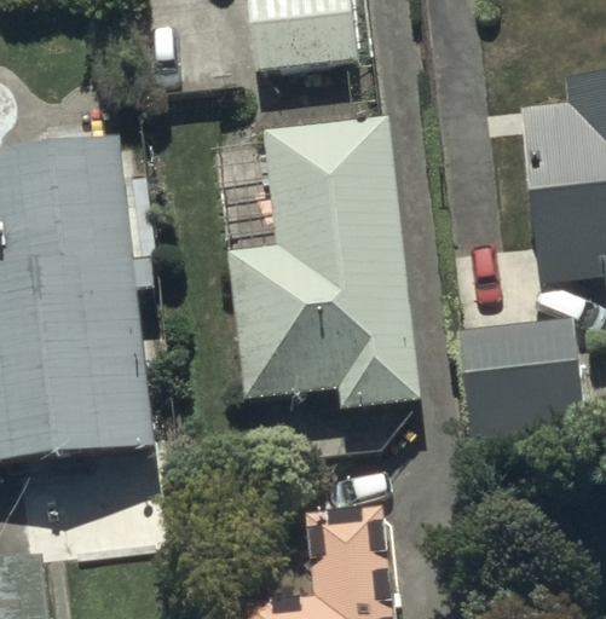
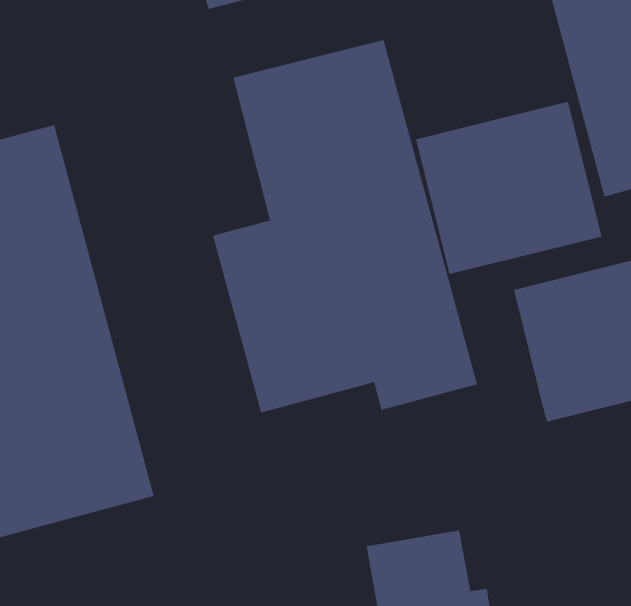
building: none -> [415,101,602,275]

